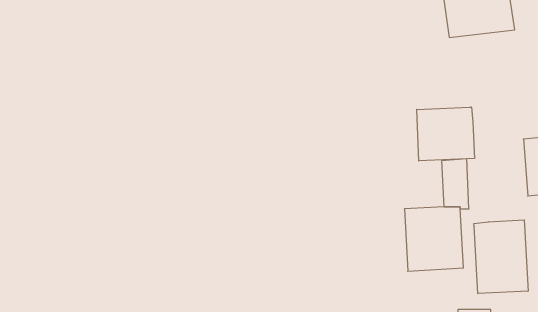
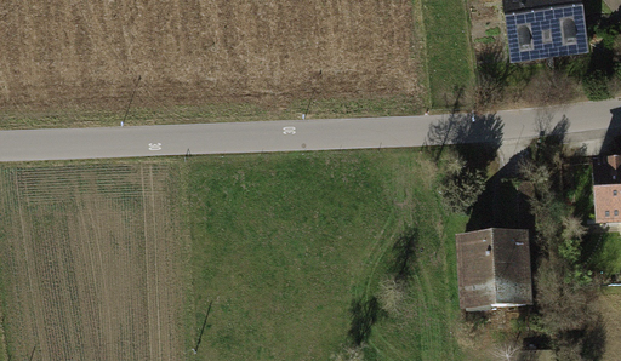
building: [417,107,474,161] -> none
building: [474,220,528,294] -> none

